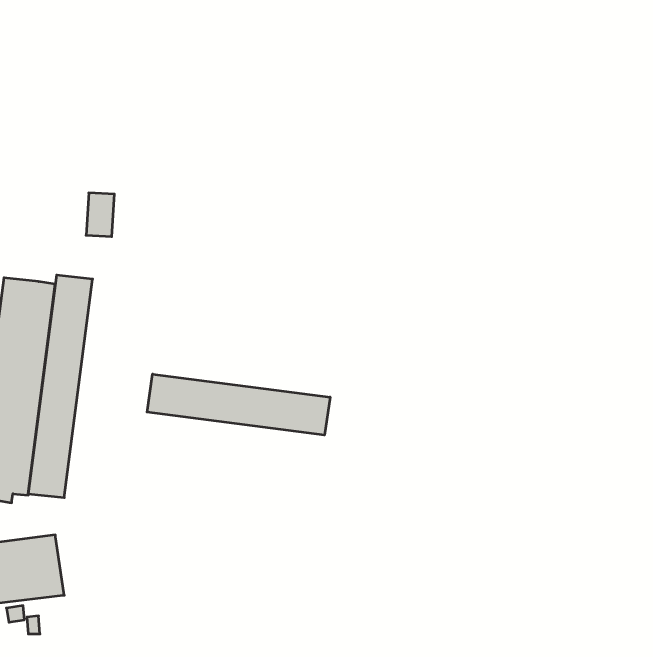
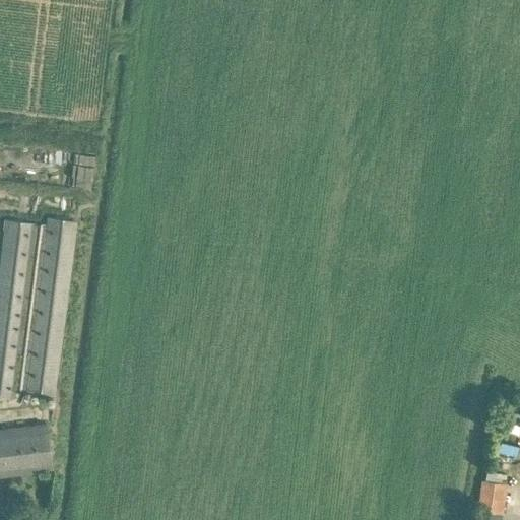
building: [147,374,330,435] -> none
building: none -> [475,480,504,515]

